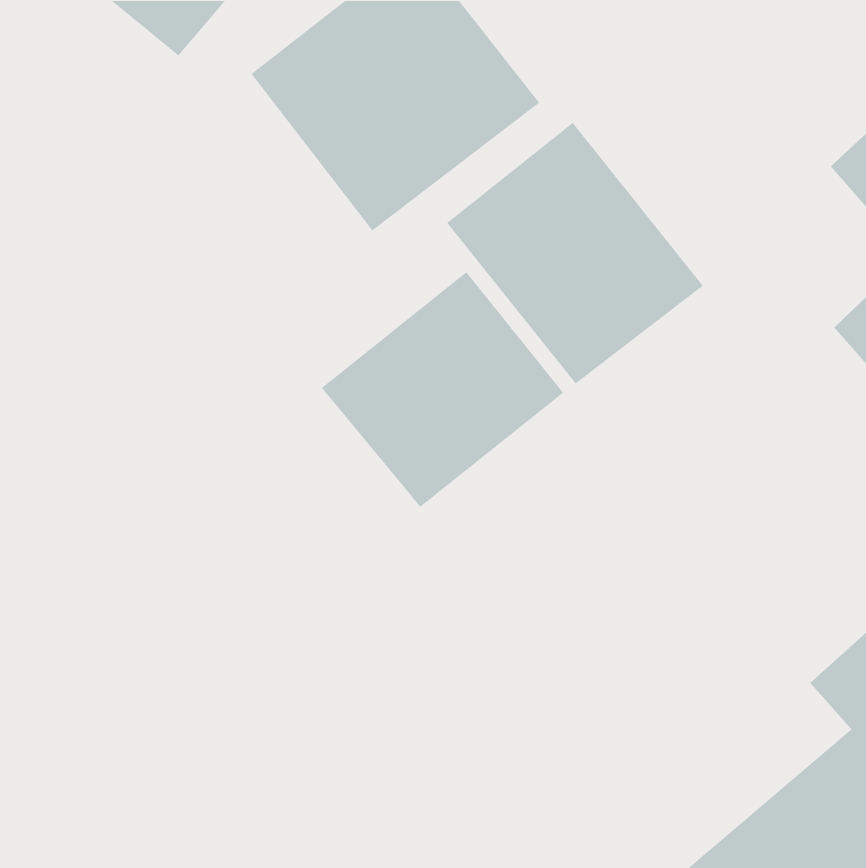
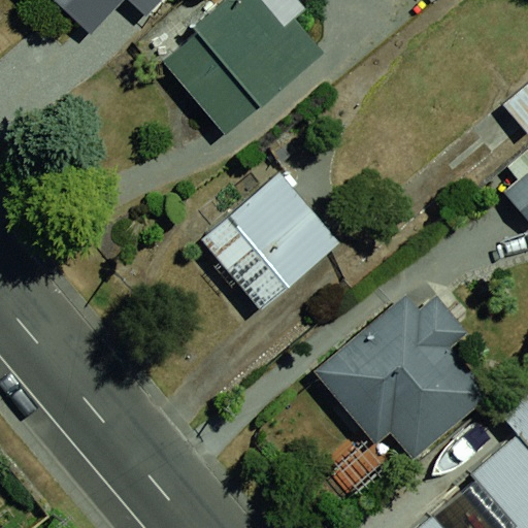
building: [446,122,704,385] -> none
building: none -> [311,288,487,463]

